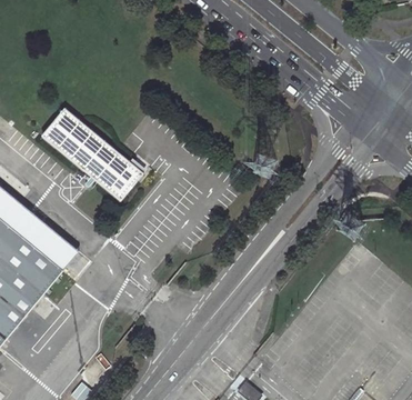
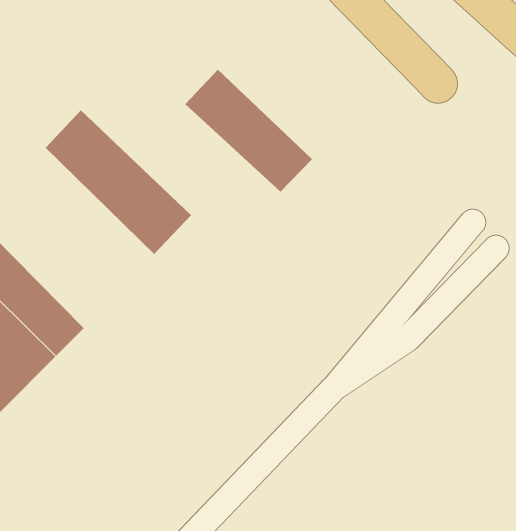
building: none -> [185,69,313,193]

